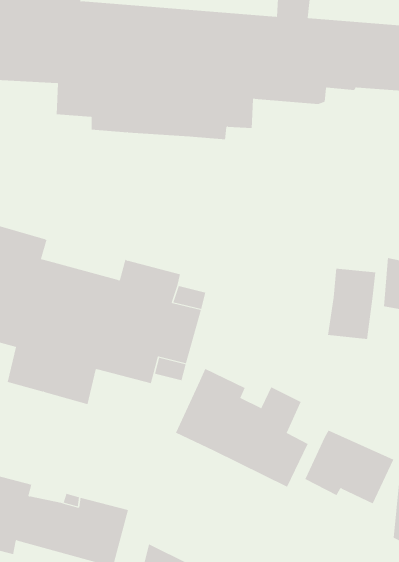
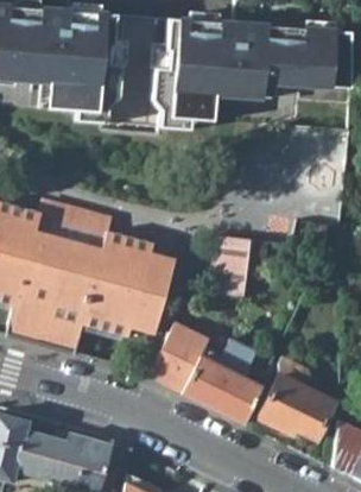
building: none -> [37,200,112,247]
building: [327,268,376,340] -> [210,234,252,295]

